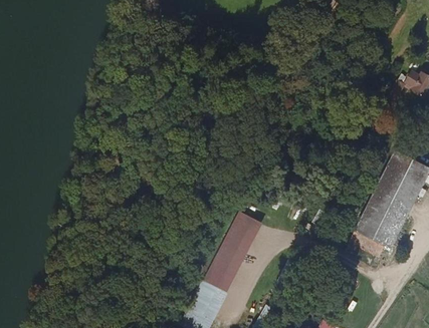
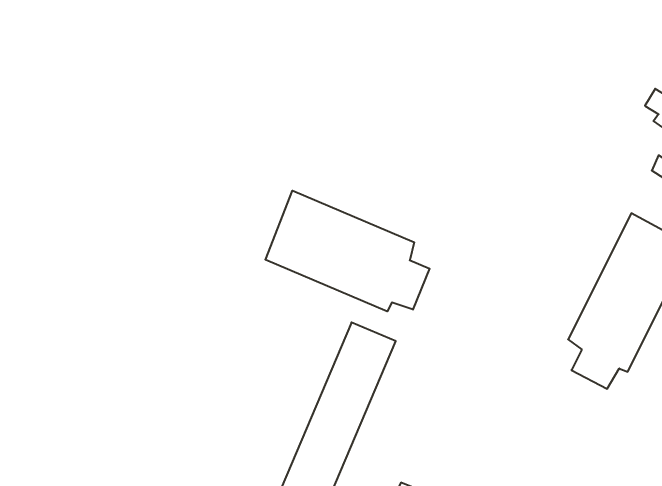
building: none -> [265,191,430,311]

